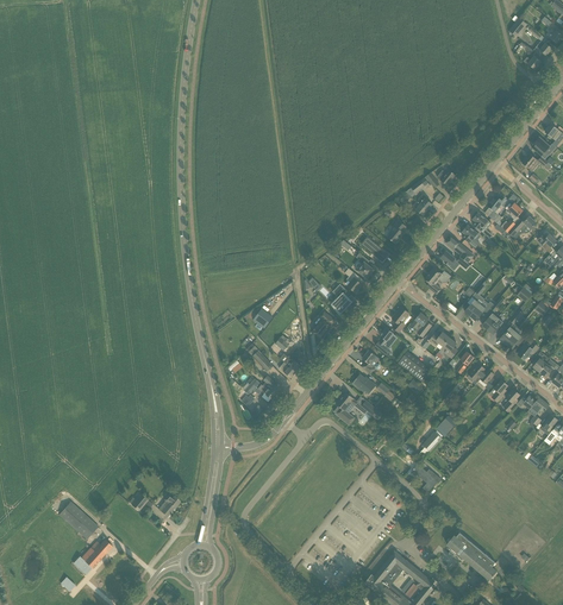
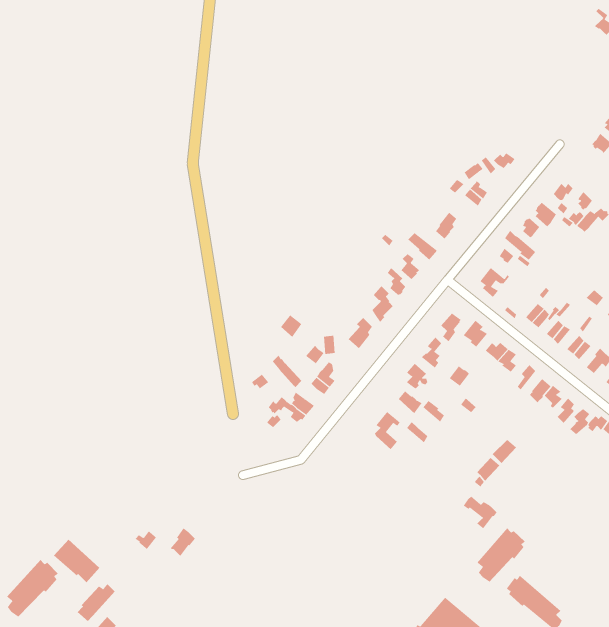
building: none -> [477,527,525,582]
building: none -> [6,559,59,617]

